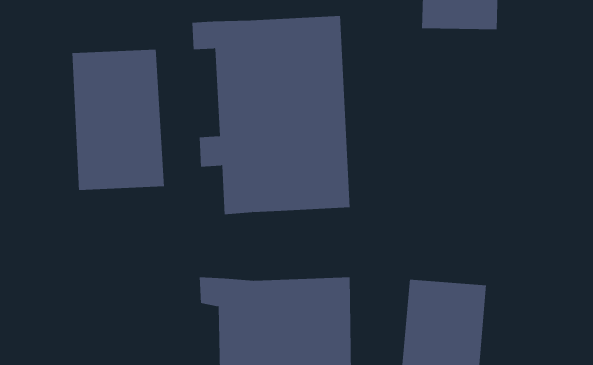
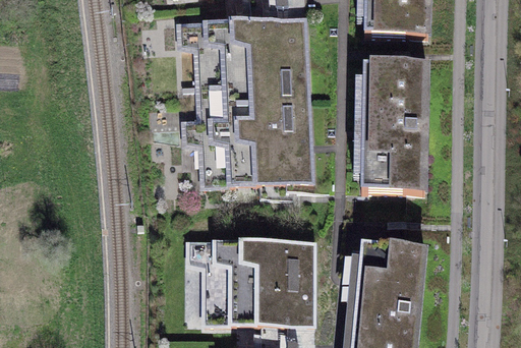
building: [72,49,165,191] -> none
building: none -> [362,59,430,189]

